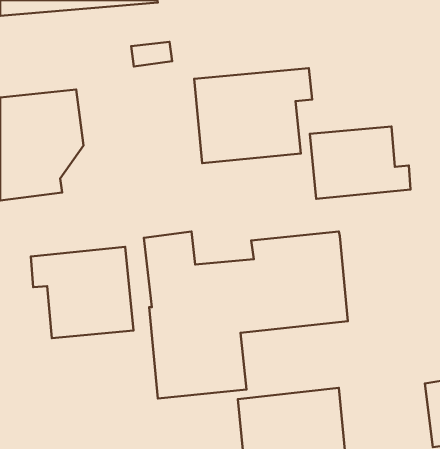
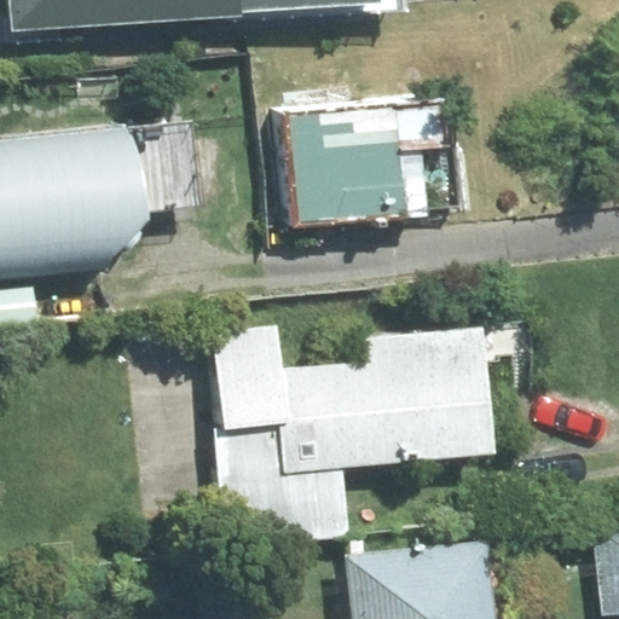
building: [310,126,411,199] -> none
building: [31,247,133,338] -> none

